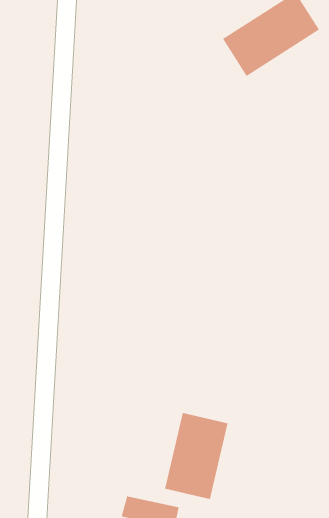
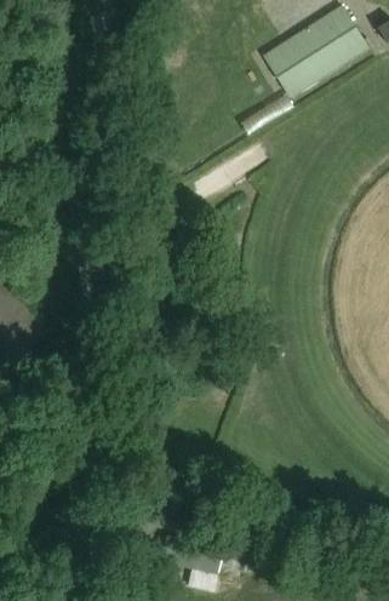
building: [164,412,228,500] -> none

